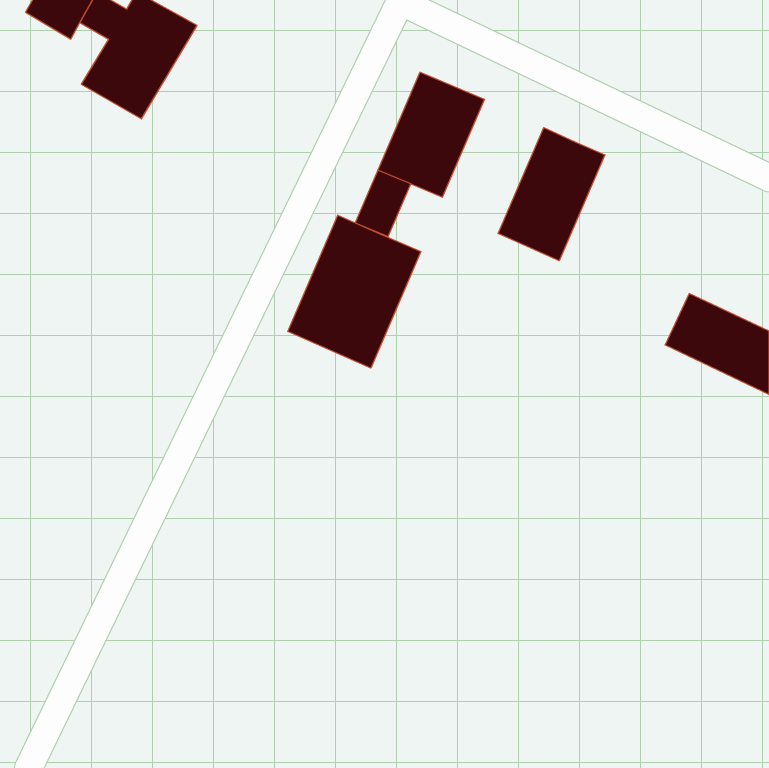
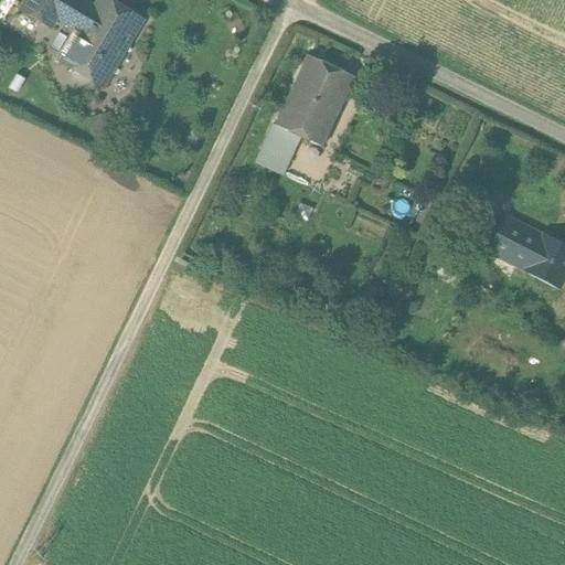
building: [498,128,605,261] -> none
building: [288,215,421,368] -> none

